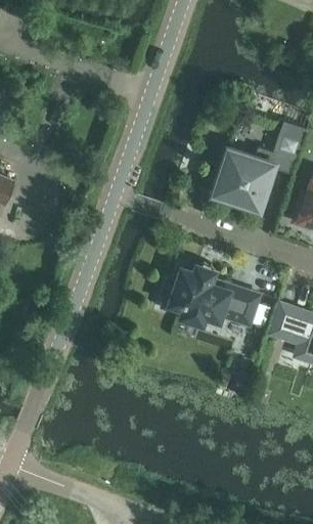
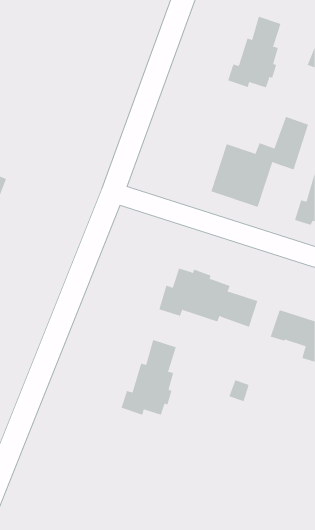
building: none -> [227,16,281,88]
building: none -> [121,339,177,416]

